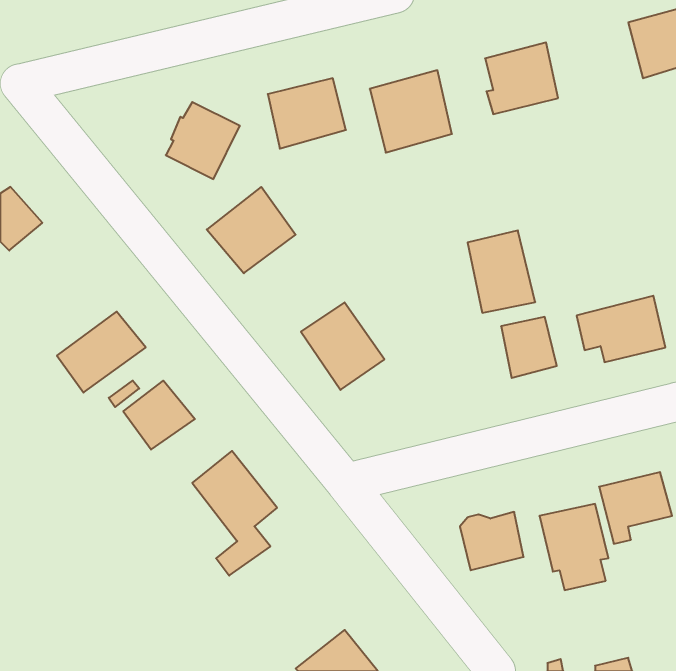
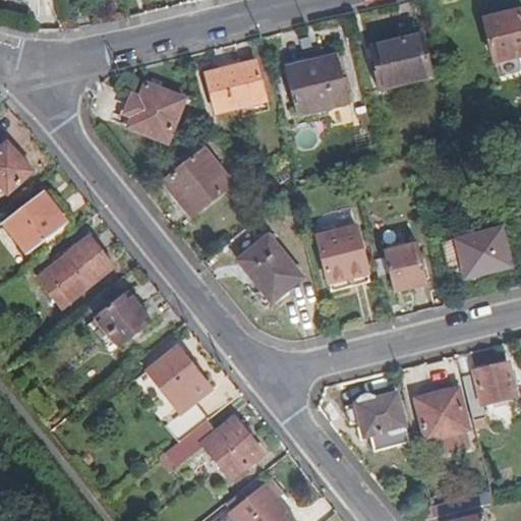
building: [468,230,535,313] -> [319,224,370,287]
building: none -> [6,192,67,251]
building: none -> [164,418,263,479]

